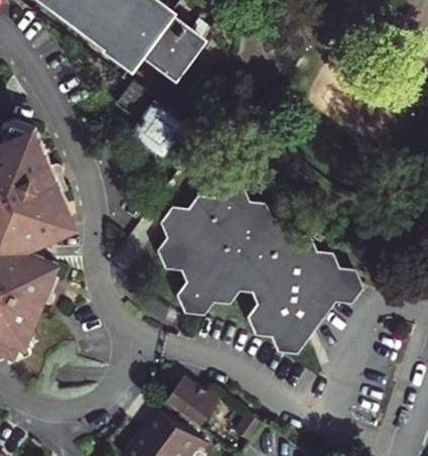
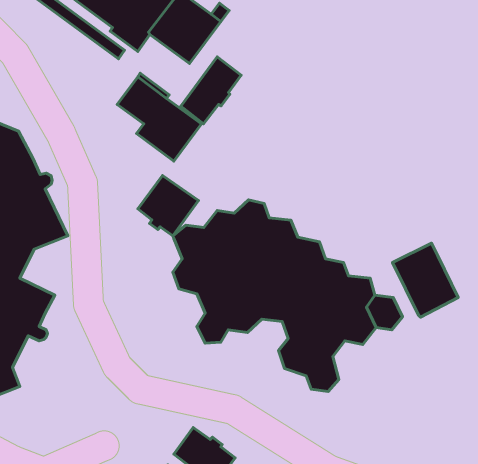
building: none -> [181,57,241,124]
building: none -> [138,175,198,236]
building: none -> [393,243,458,317]

